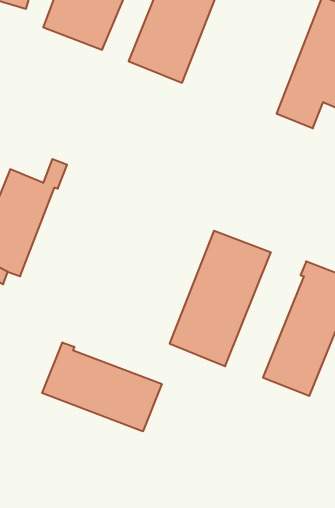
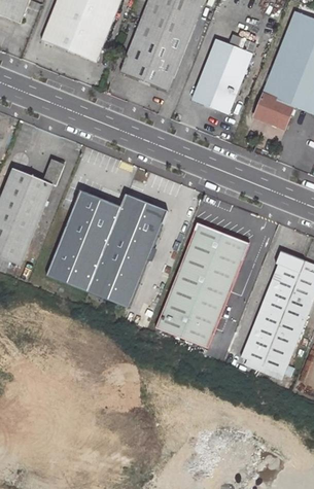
building: none -> [191,28,258,113]
building: none -> [47,178,167,306]
building: [42,342,162,431] -> none

